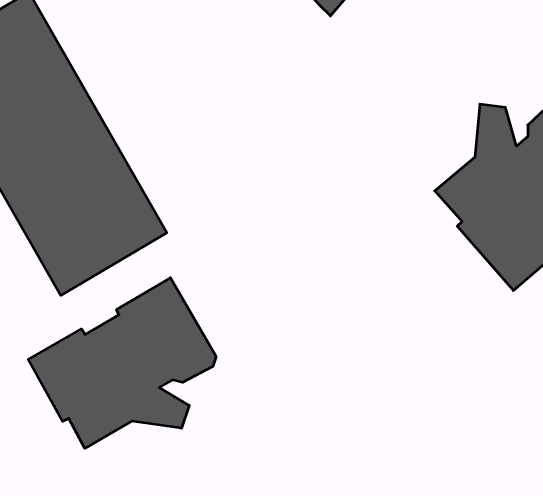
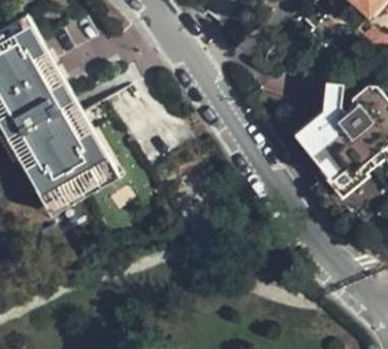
building: [28,278,216,448] -> none

